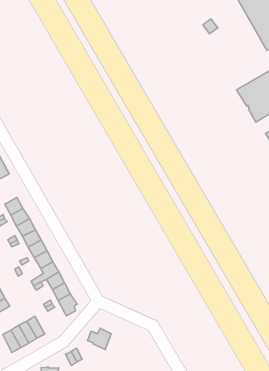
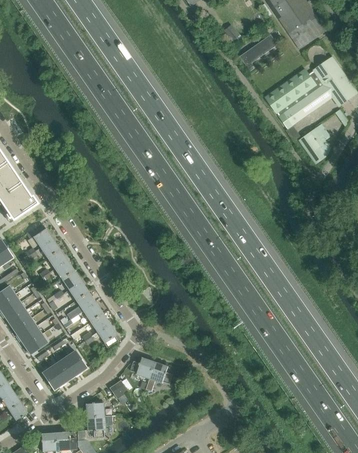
building: none -> [239,34,278,71]
building: none -> [146,362,173,391]

